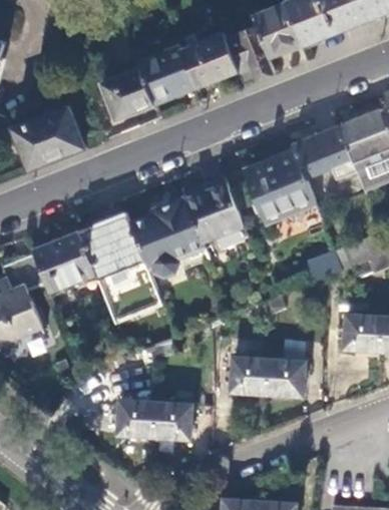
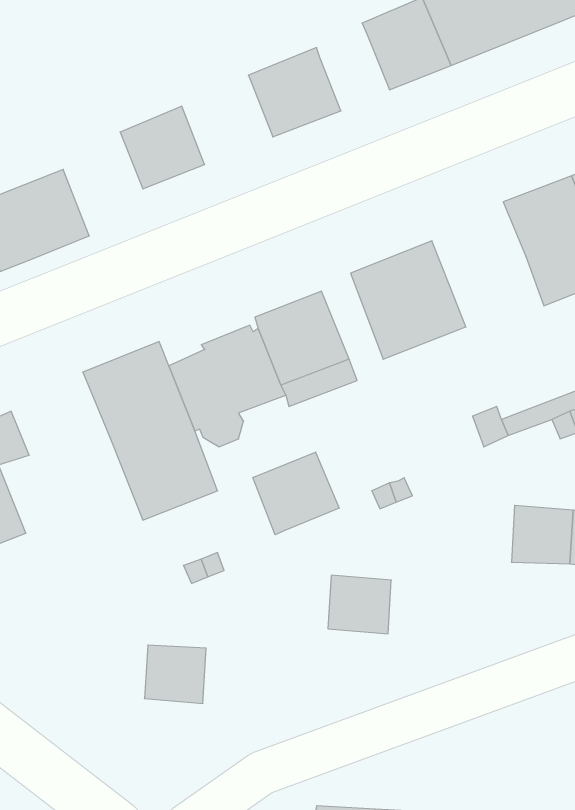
building: [225,25,274,83] -> none
building: [136,45,196,103] -> none
building: [292,126,352,178] -> none
building: [32,231,95,291] -> none
building: none -> [253,452,339,535]
building: [267,360,304,396] -> none
building: [152,402,191,439] -> none

